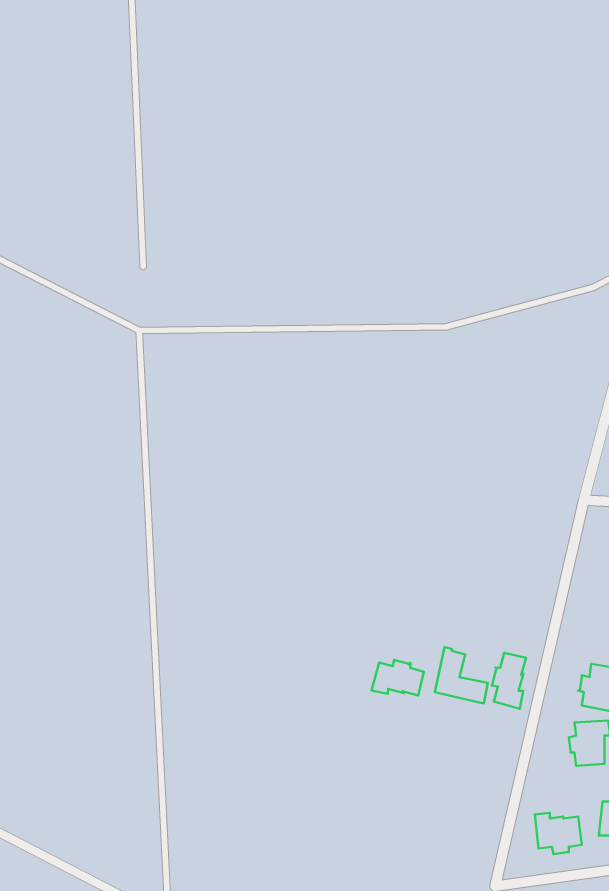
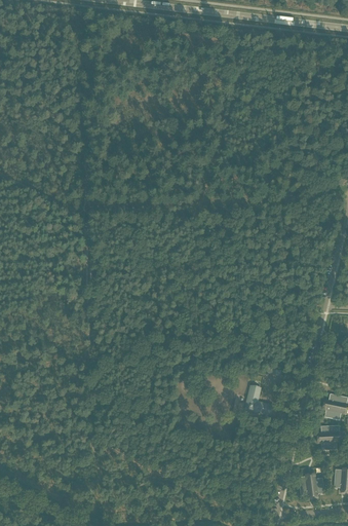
building: [492,653,526,709] -> none
building: [372,660,424,696] -> none

